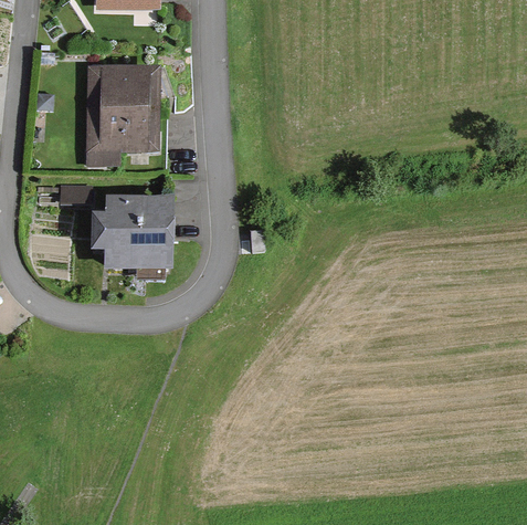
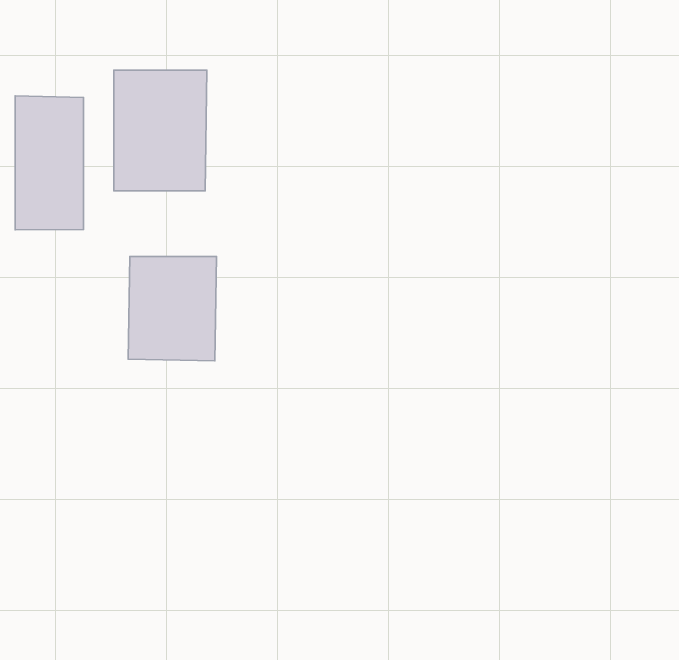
building: none -> [15,96,84,230]

